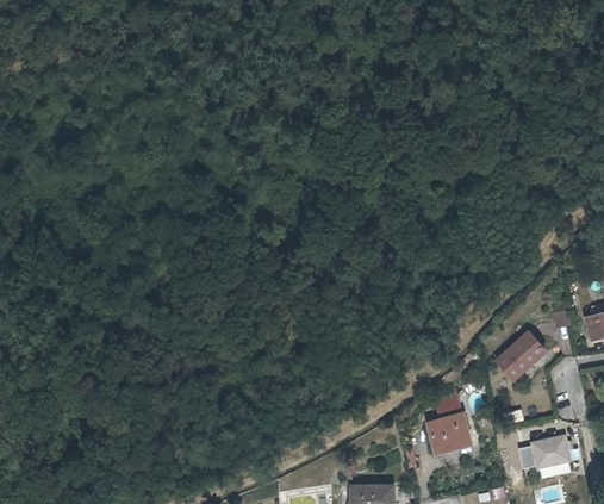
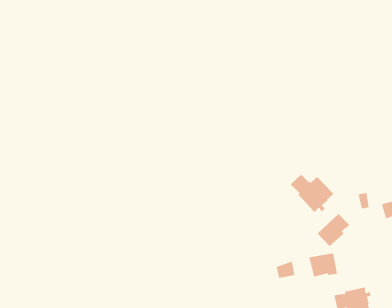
building: none -> [290,174,334,213]
building: [428,417,469,452] -> [309,253,338,277]

